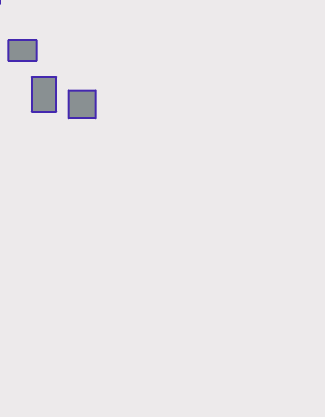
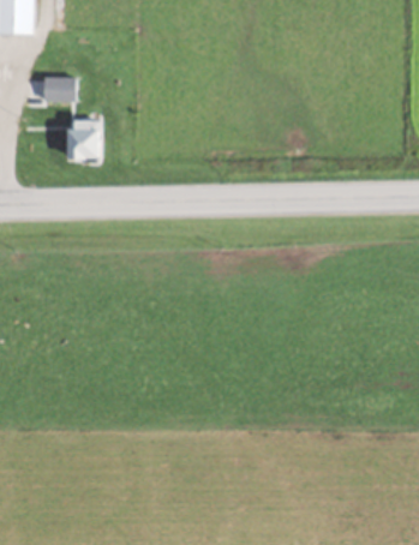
building: [69,90,96,118] -> none

